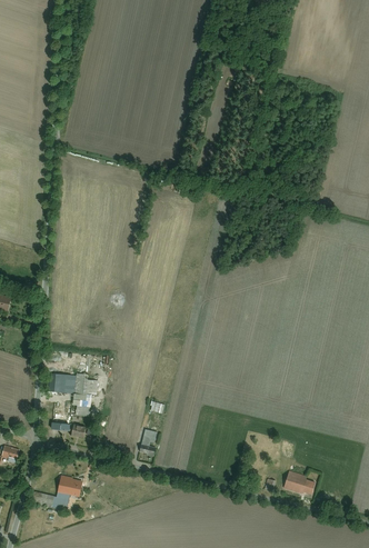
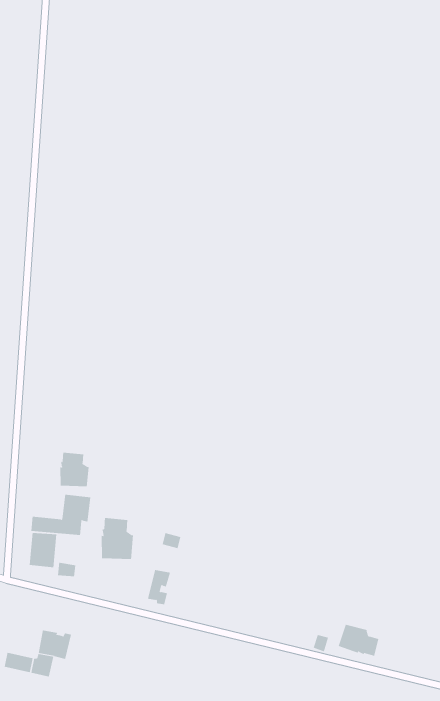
building: none -> [60,452,89,487]
building: none -> [101,517,134,560]

